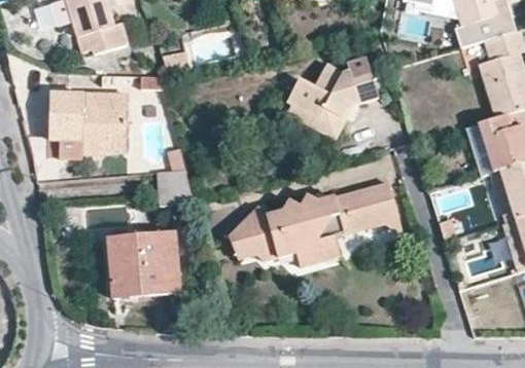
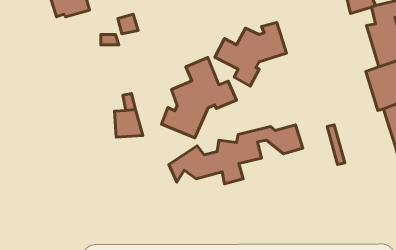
building: [49,93,129,157] -> none
building: none -> [161,58,236,138]
building: [109,232,180,296] -> none

